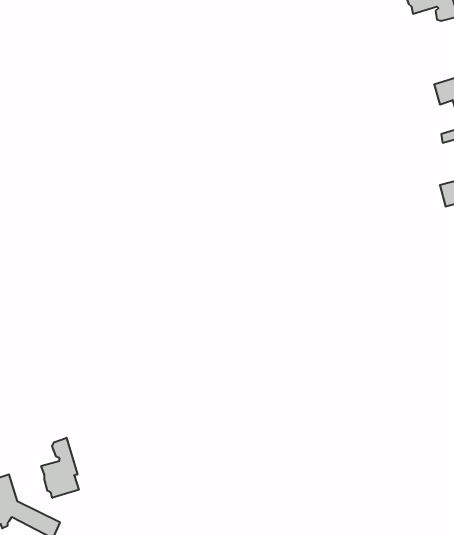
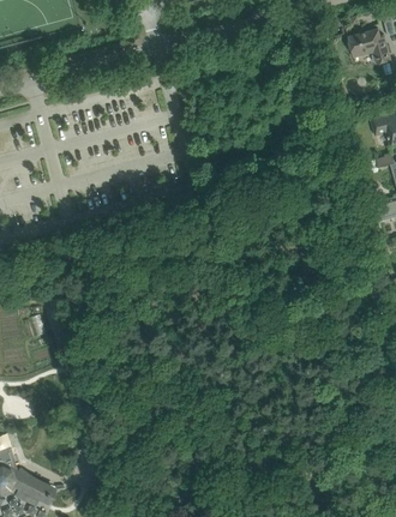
building: [41,438,79,498] -> none

